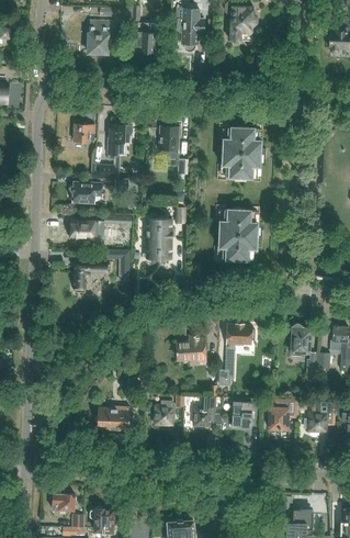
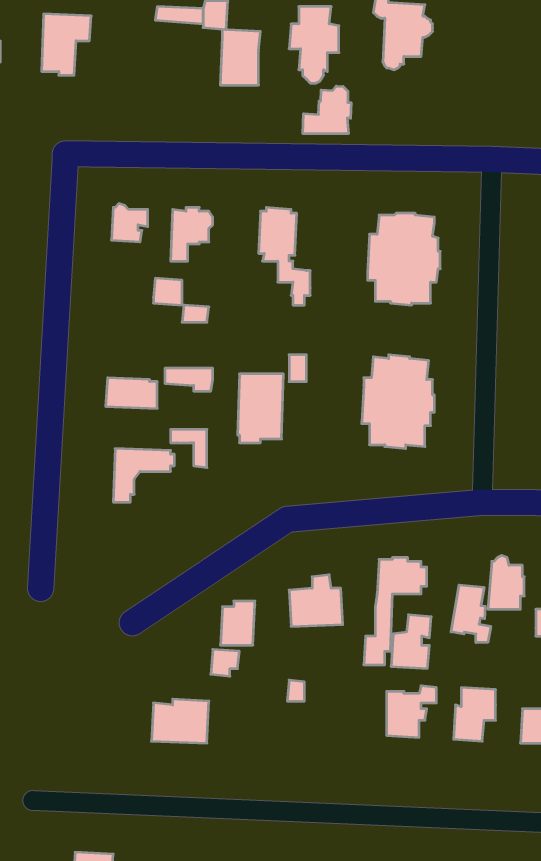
building: [88,20,116,55] -> [42,14,91,75]
building: none -> [303,86,351,134]
building: [69,180,103,202] -> none
building: none -> [451,585,491,643]
building: [193,395,216,426] -> [391,615,431,668]
building: [153,400,172,425] -> [220,601,255,645]

